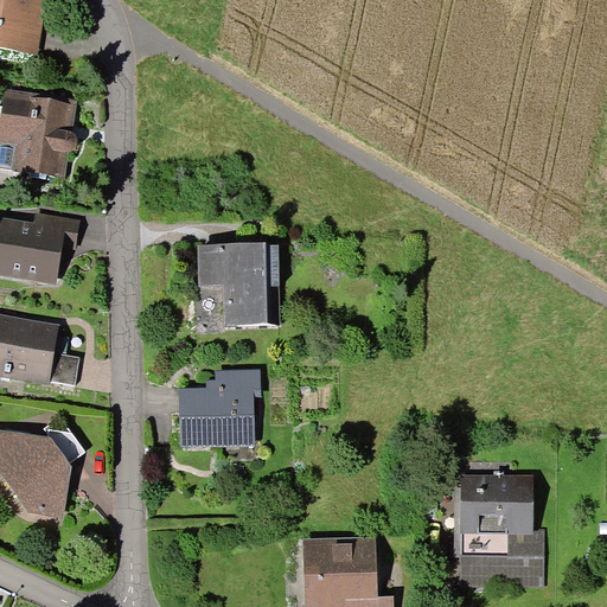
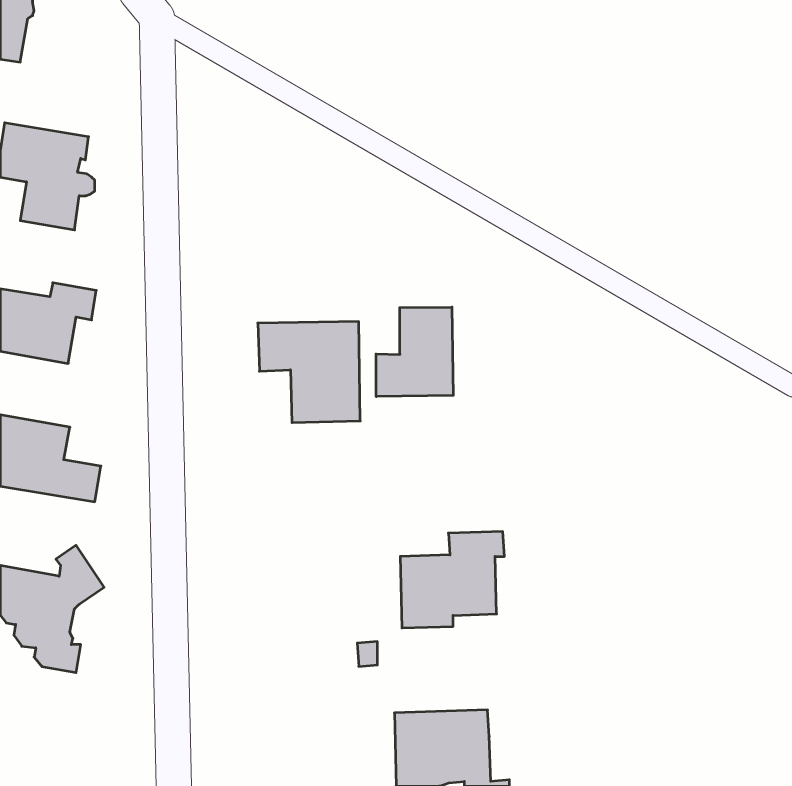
building: none -> [376,307,453,397]
building: [179,370,258,443] -> [400,532,504,628]
building: [459,475,544,583] -> none

